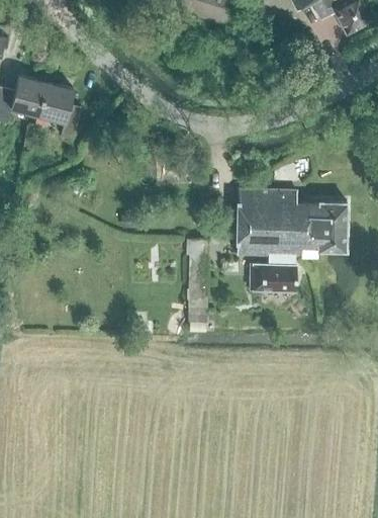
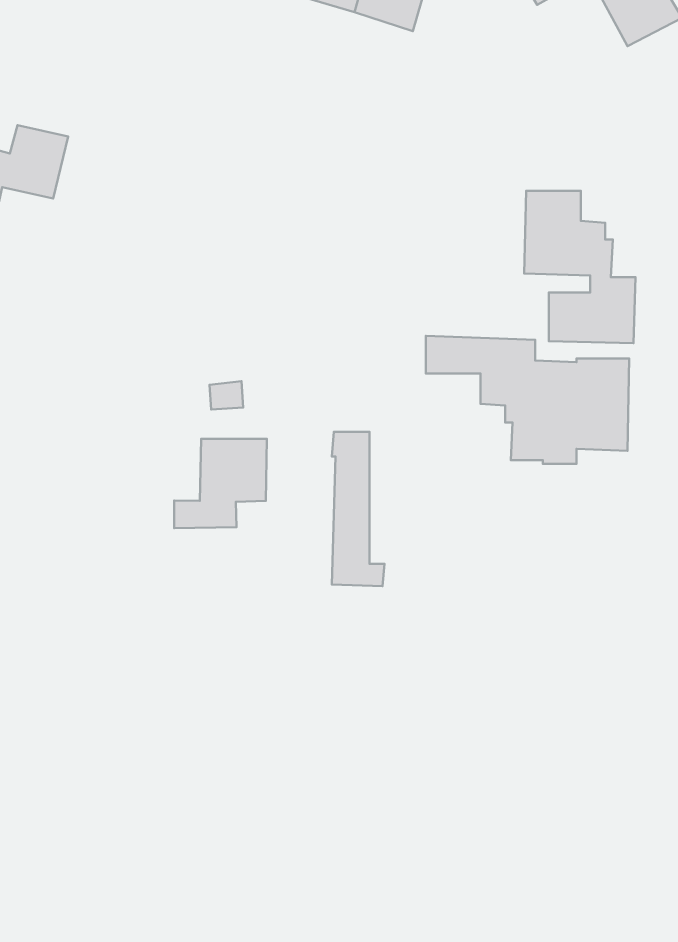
building: [35,82,81,139] -> none
building: [237,209,296,291] -> [524,191,635,343]
building: none -> [174,439,267,528]

